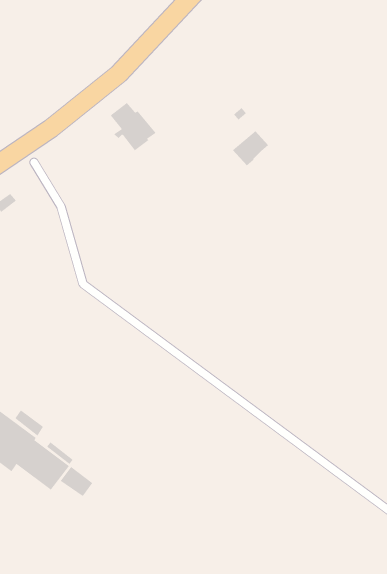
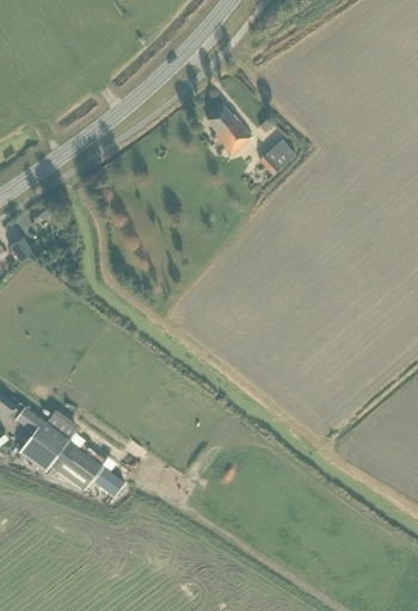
building: [110,102,157,151] -> [208,106,253,154]

